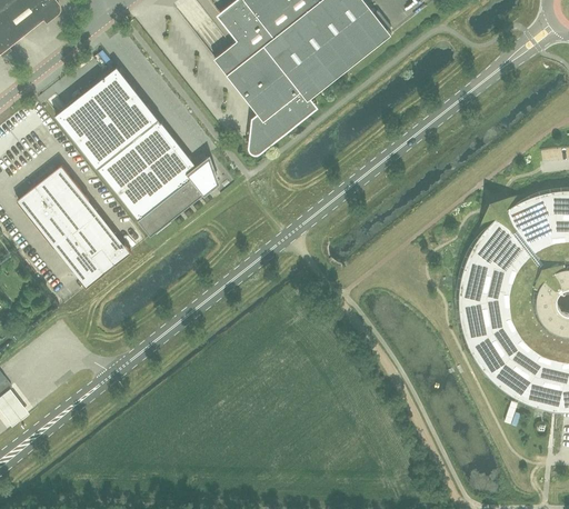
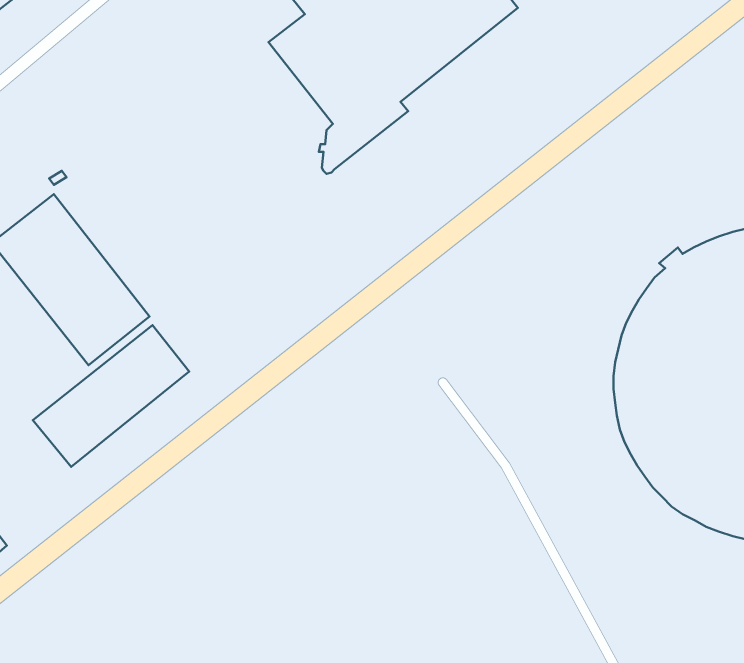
building: [56,68,217,237] -> none
building: none -> [33,325,189,467]

